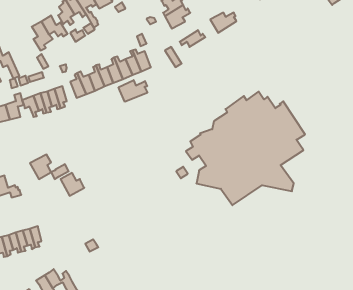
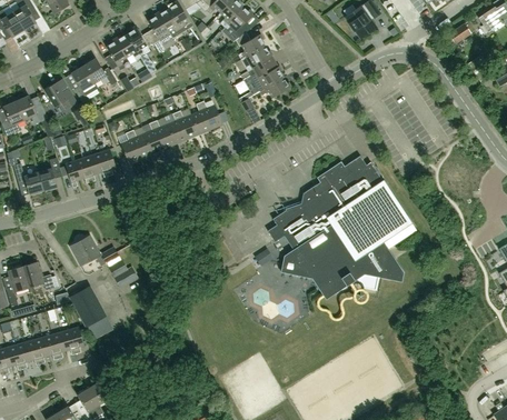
building: [210,13,236,33] -> [249,66,282,91]
building: none -> [43,81,77,109]
building: [119,80,147,102] -> none
building: none -> [70,286,115,343]

